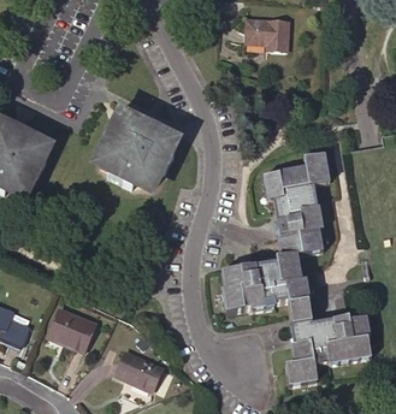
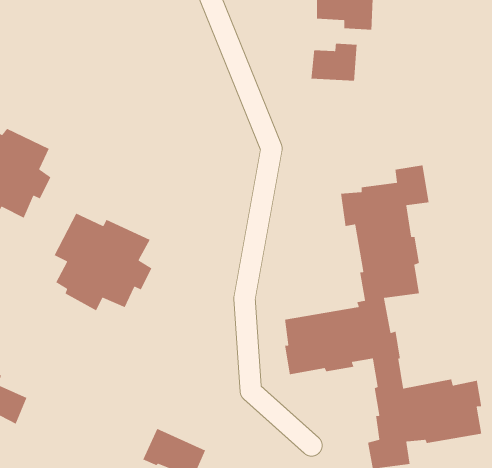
building: none -> [311,43,357,82]
building: [99,114,173,189] -> [53,212,152,311]
building: [47,308,95,351] -> none

